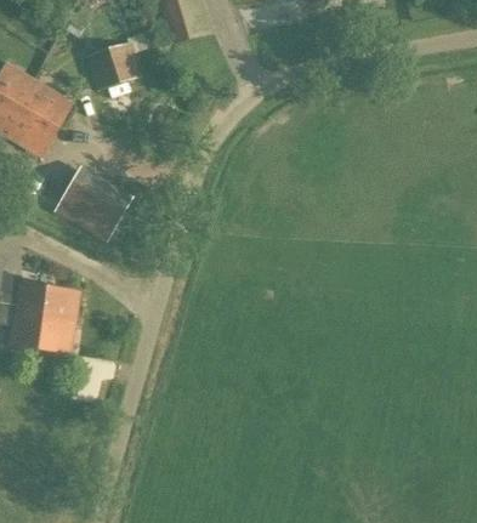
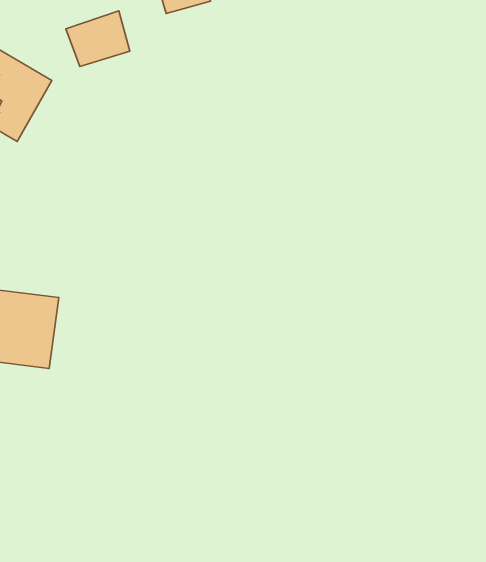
building: [53,164,132,240] -> none

